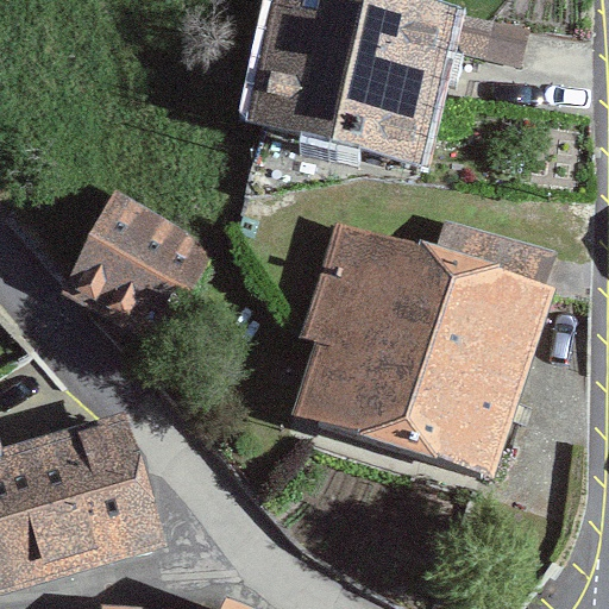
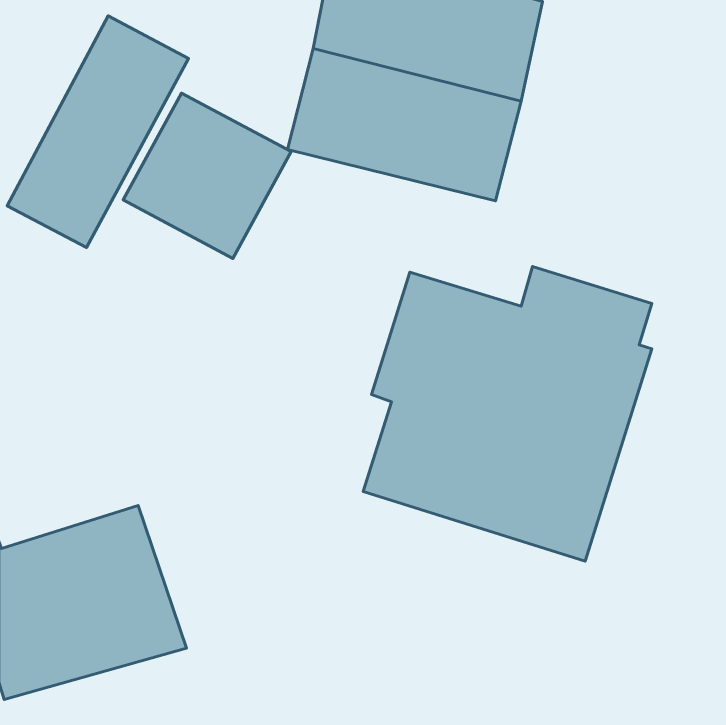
building: none -> [7,16,188,248]
building: [69,199,209,337] -> [123,93,291,258]

